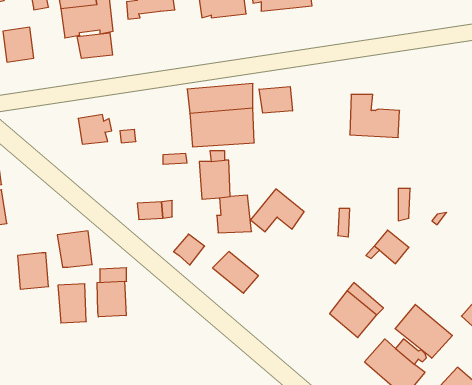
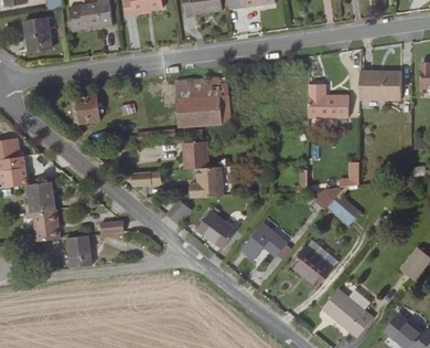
building: [77,33,113,58] -> none
building: none -> [359,65,401,95]
building: [259,87,292,113] -> none
building: [250,189,304,232] -> [240,219,284,254]
building: [57,231,92,267] -> [26,182,55,212]
building: [97,281,126,317] -> none
building: [395,304,452,358] -> none

